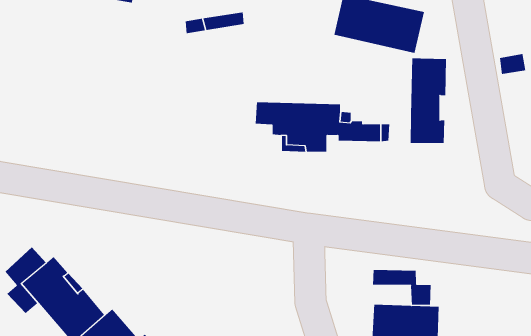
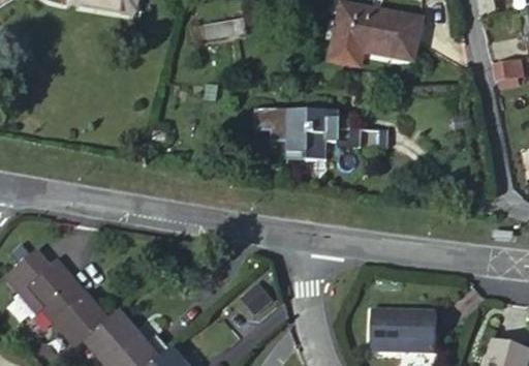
building: [410,58,446,144] -> none
building: [373,269,431,306] -> none

